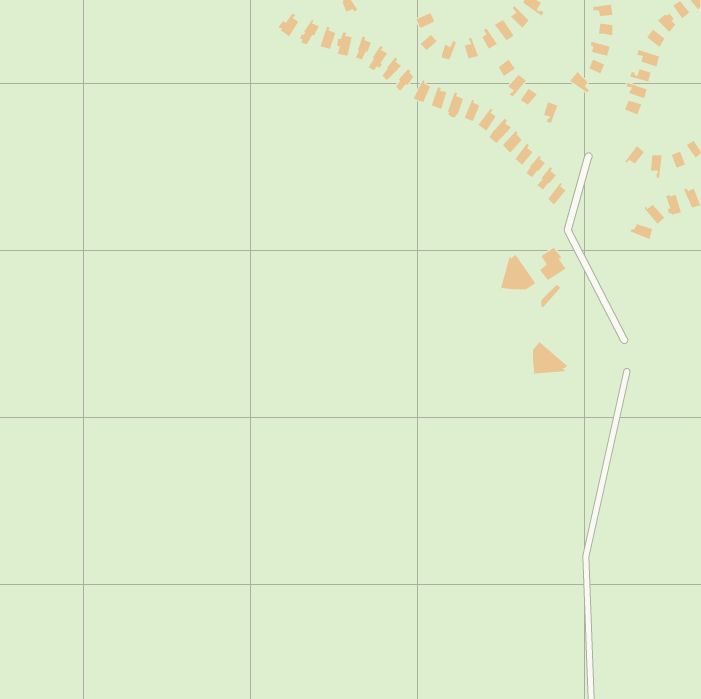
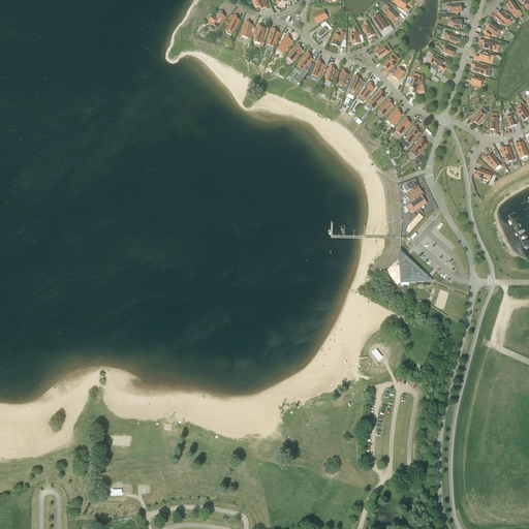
building: [500,254,536,291] -> none

